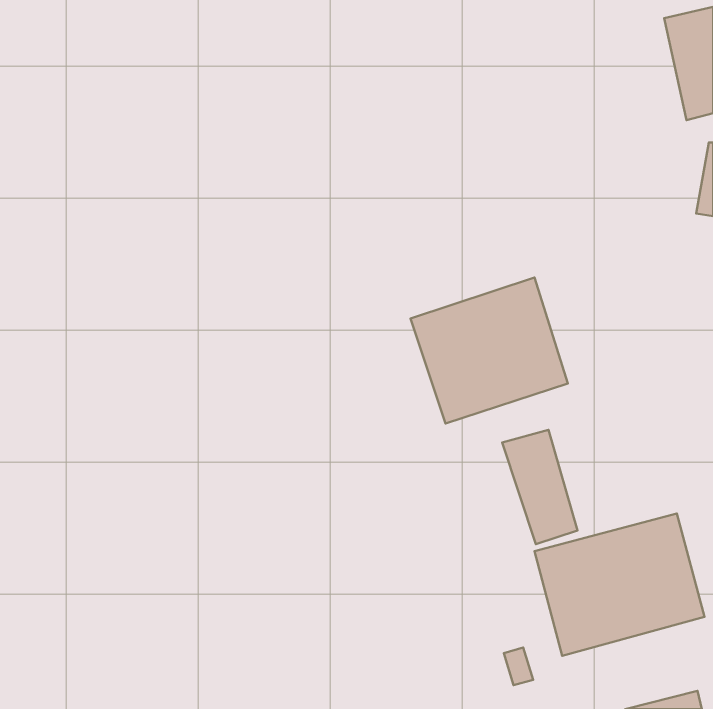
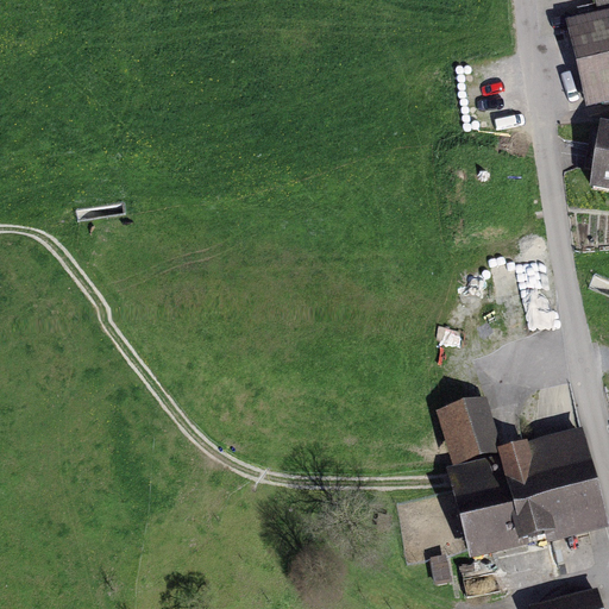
building: [411,278,568,423] -> none

